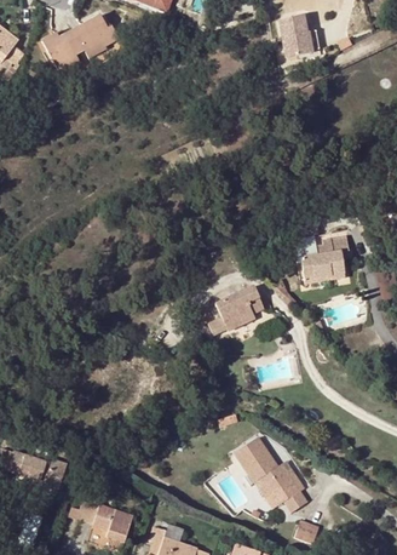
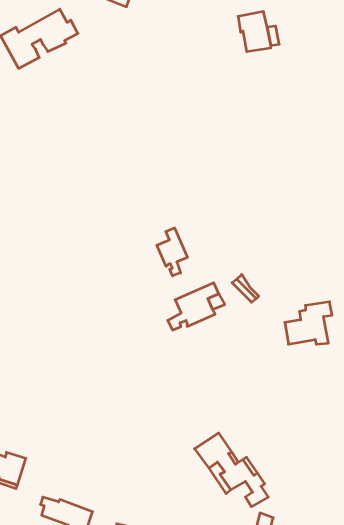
building: none -> [157,228,187,276]
building: [300,236,347,279] -> [285,302,332,344]

